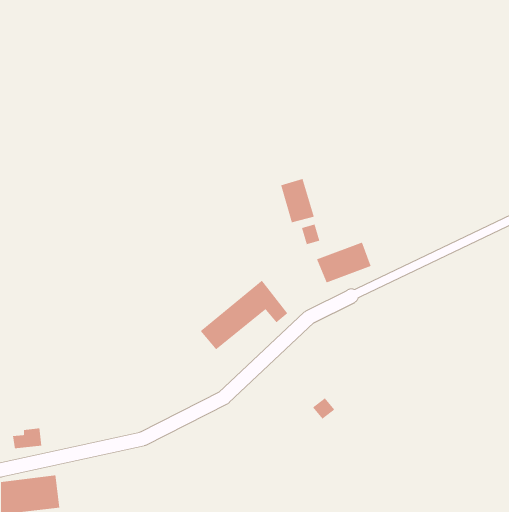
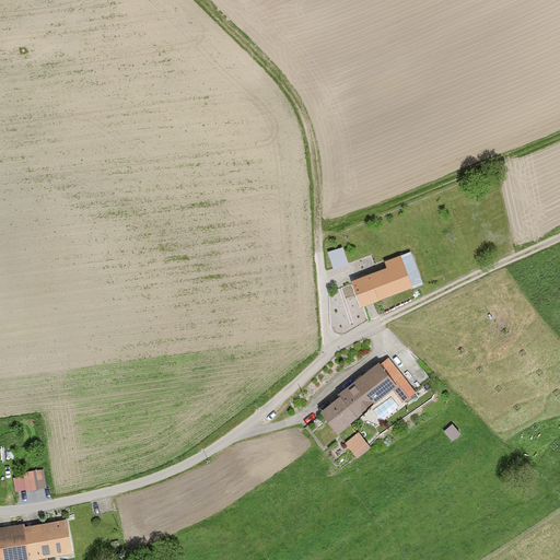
building: [280,178,315,223] -> none
building: [200,280,288,350] -> [318,357,415,433]

